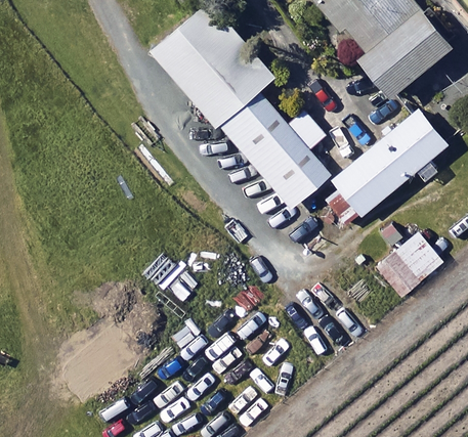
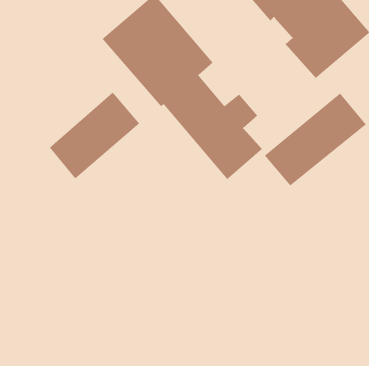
building: none -> [49,92,140,179]
building: [377,232,443,298] -> none

